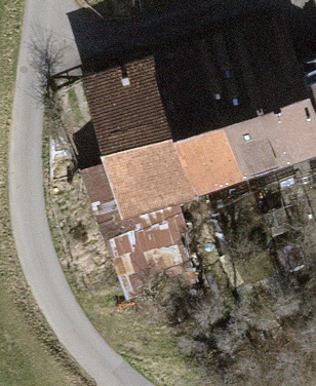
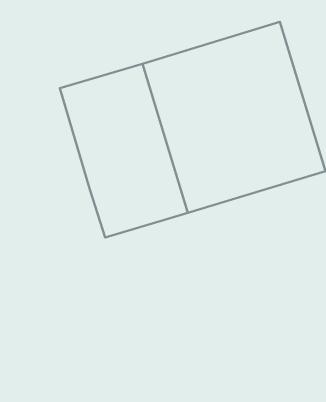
building: [80,169,196,298] -> none

